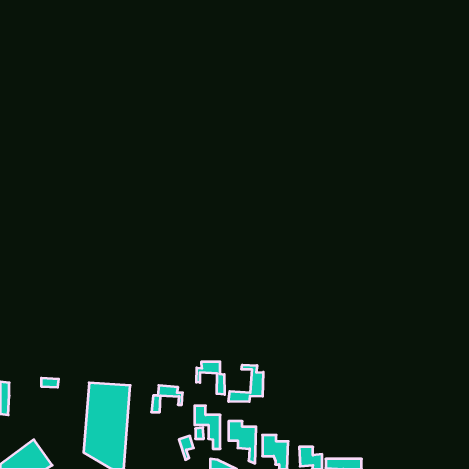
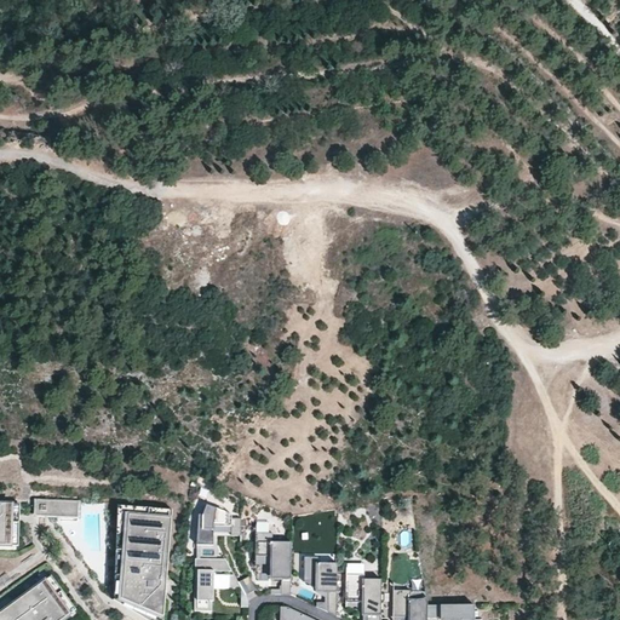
building: [196,362,225,395] -> none
building: [229,365,263,402] -> none
building: none -> [193,559,231,612]

